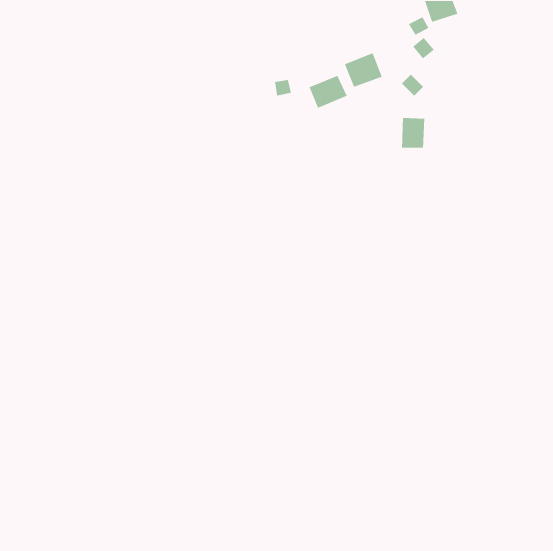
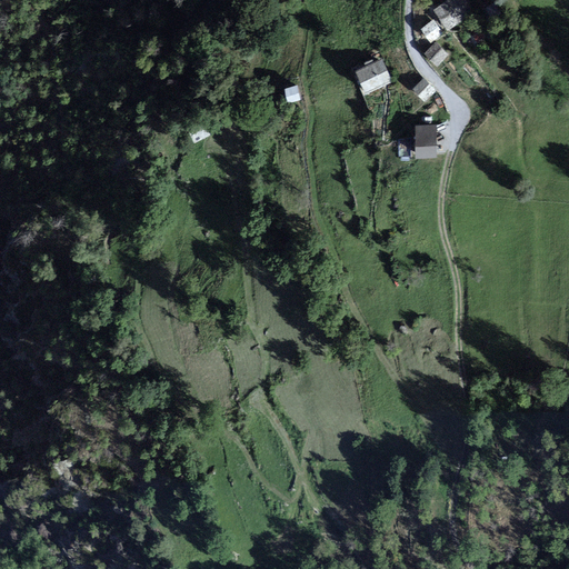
building: [309,75,348,109] -> none

